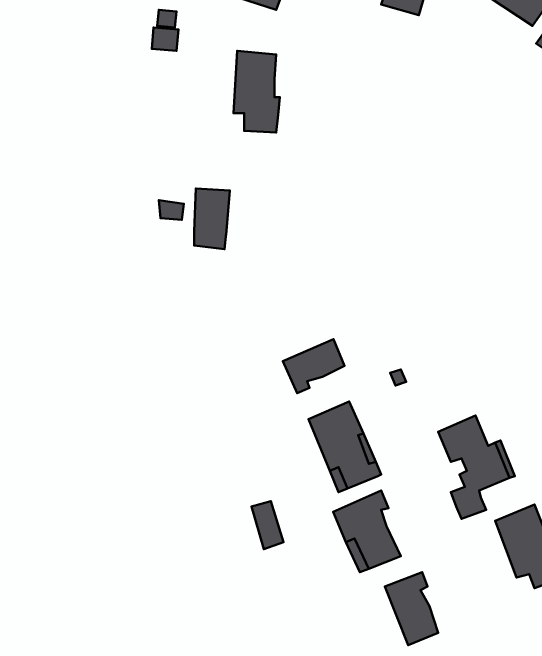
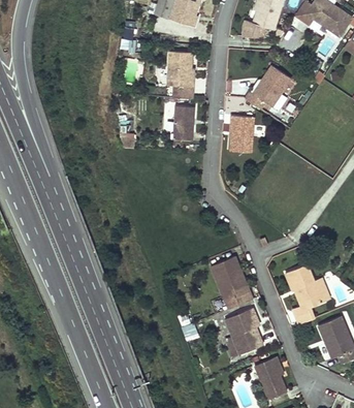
building: none -> [245,65,293,111]
building: none -> [230,117,253,152]
building: [194,189,230,249] -> [173,106,194,142]
building: [283,339,345,393] -> none

